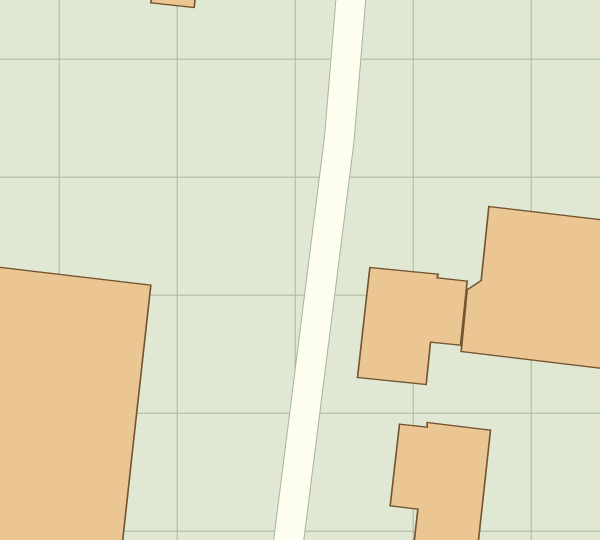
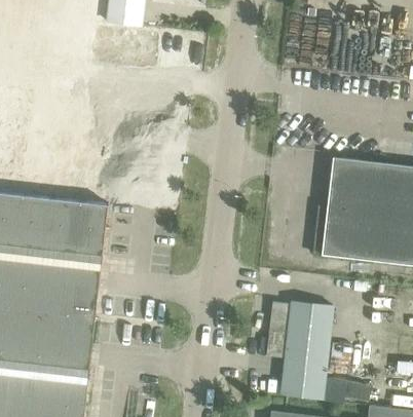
building: [358,267,467,384] -> none

